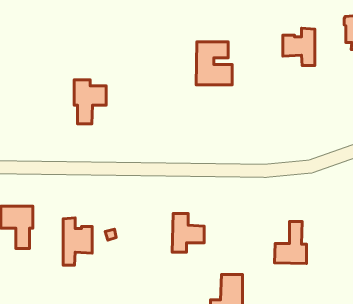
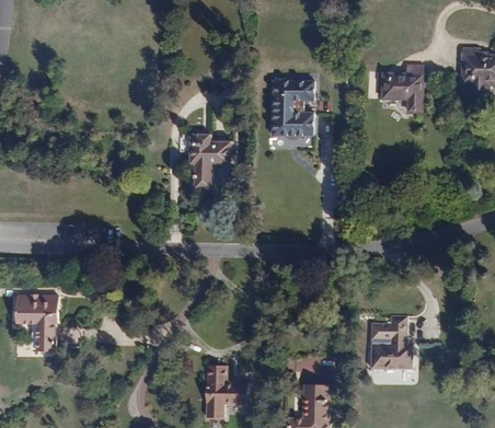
building: [74,80,106,124] -> [189,134,231,190]
building: [172,213,204,252] -> [206,367,248,417]
building: [63,218,92,265] -> none

